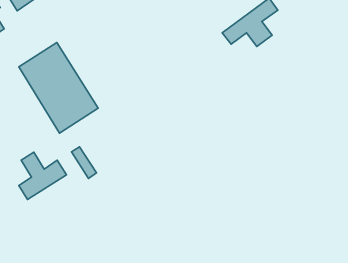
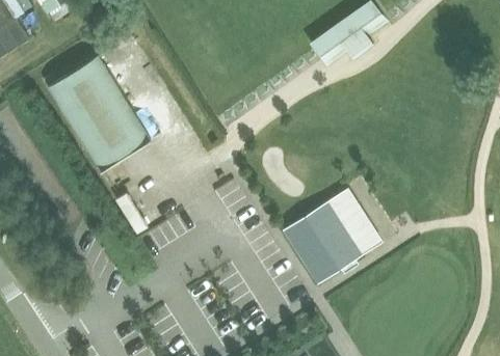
building: none -> [283,189,381,283]
building: [19,152,66,200] -> none

